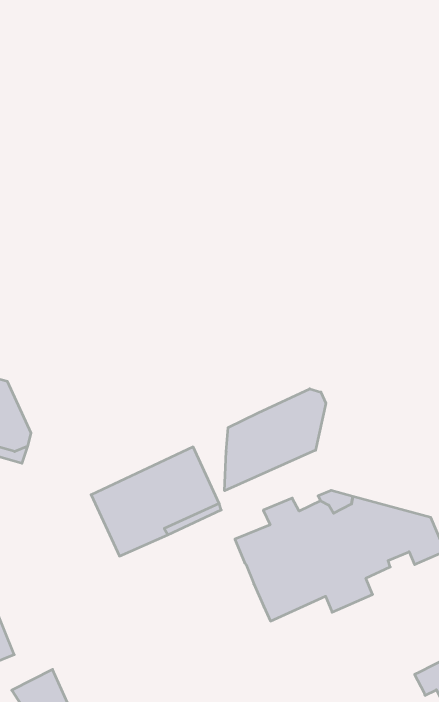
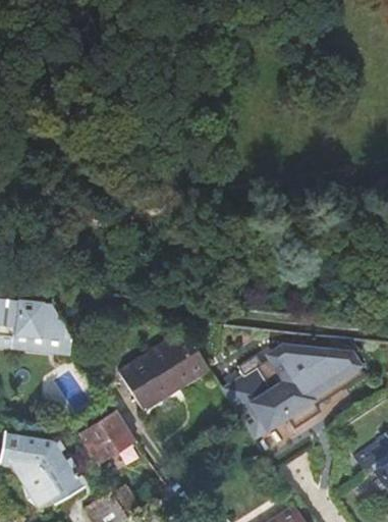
building: [225,389,326,491] -> none
building: none -> [82,412,136,464]

